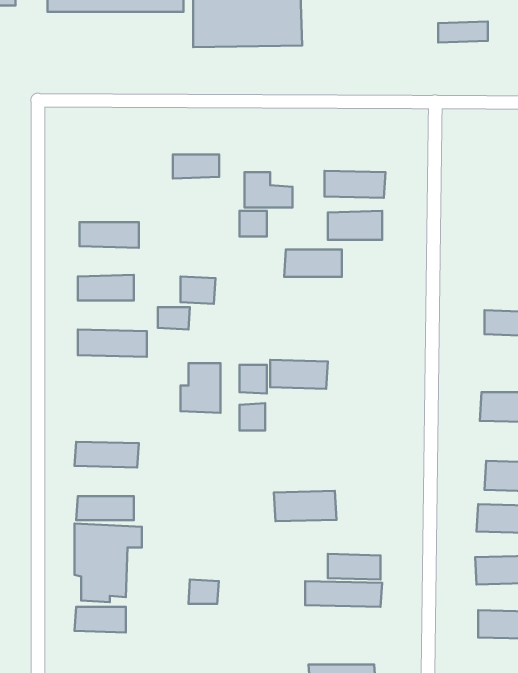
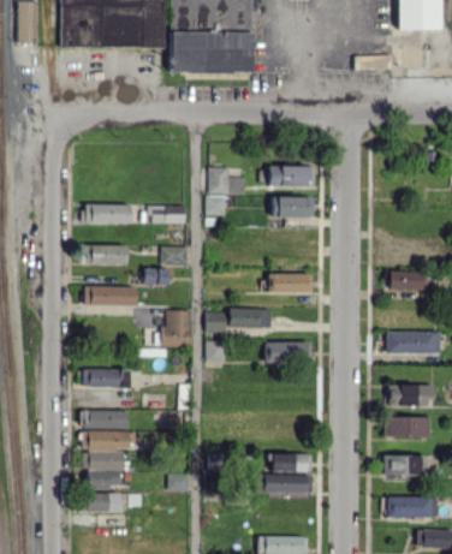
building: [173,154,219,179] -> [150,205,185,224]
building: [284,250,342,277] -> [268,273,311,293]
building: [274,491,336,521] -> [264,341,311,364]

